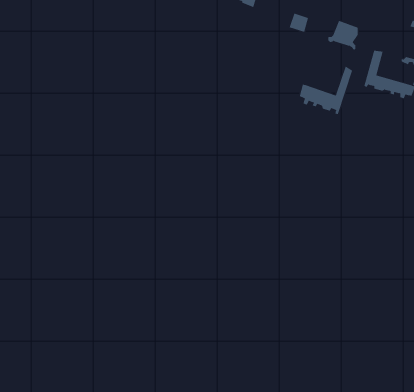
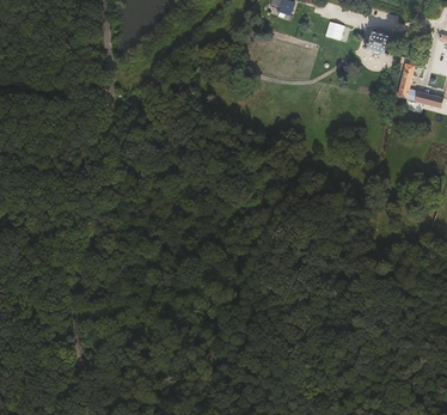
building: [299,66,353,115] -> none

